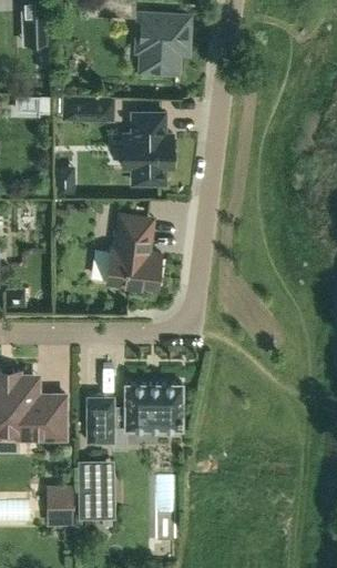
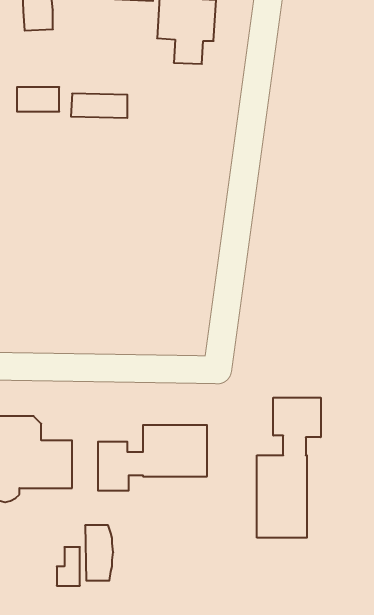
building: [124,114,173,184] -> none
building: [106,215,162,291] -> none
building: none -> [257,398,321,538]

